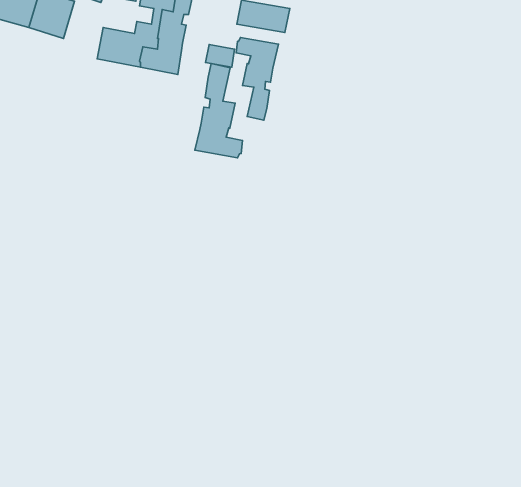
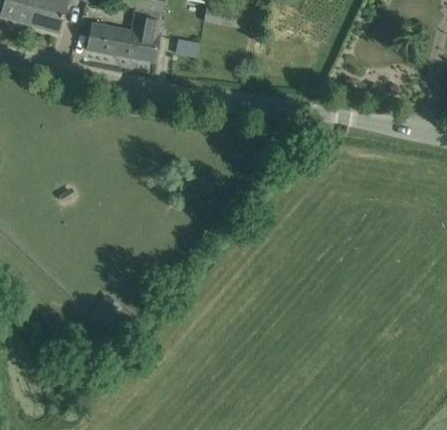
building: [236,38,278,120] -> none
building: [195,64,242,158] -> none

